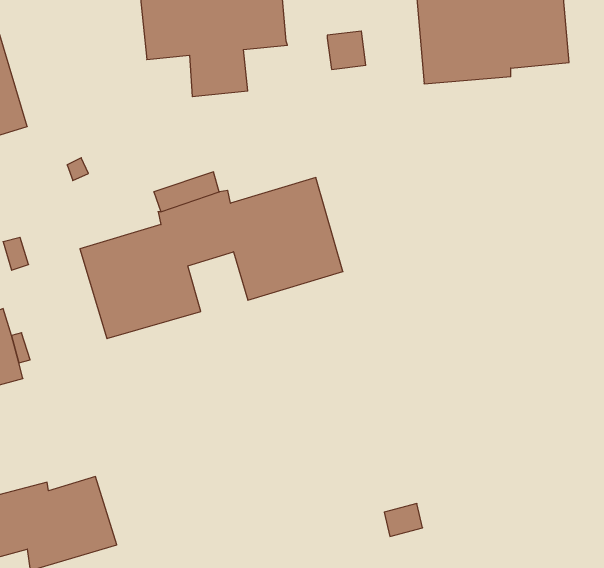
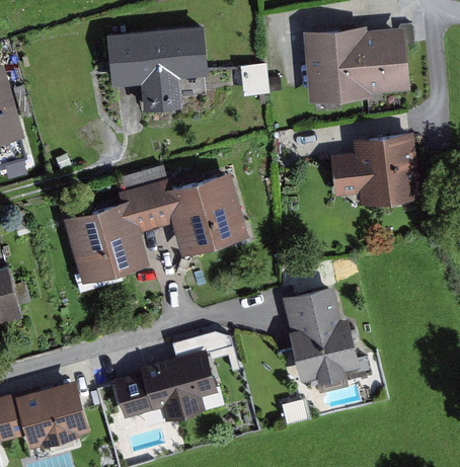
building: none -> [330,133,423,208]
building: none -> [281,287,361,385]
building: none -> [110,345,220,423]

